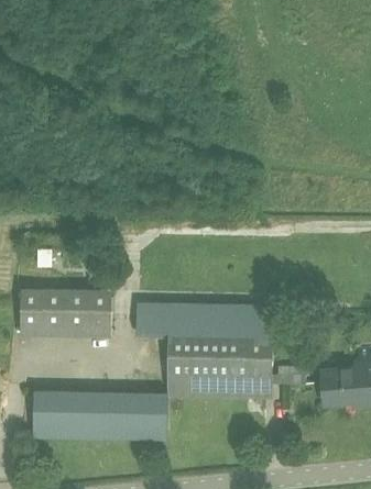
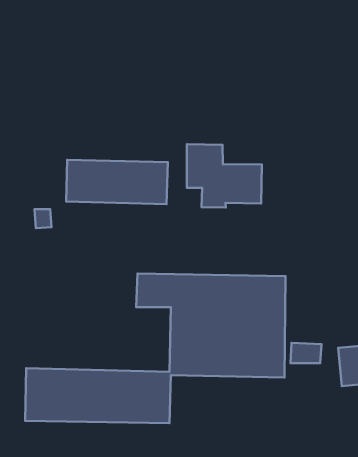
building: none -> [187,144,262,208]
building: [19,297,112,337] -> [66,160,168,204]

